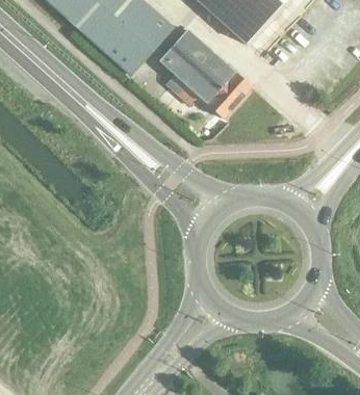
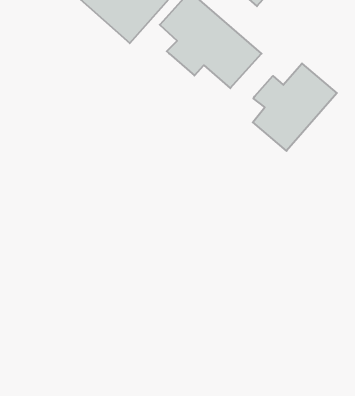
building: none -> [253,63,337,151]

